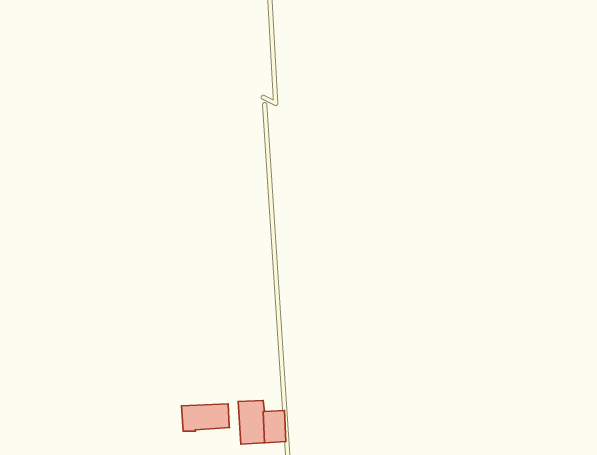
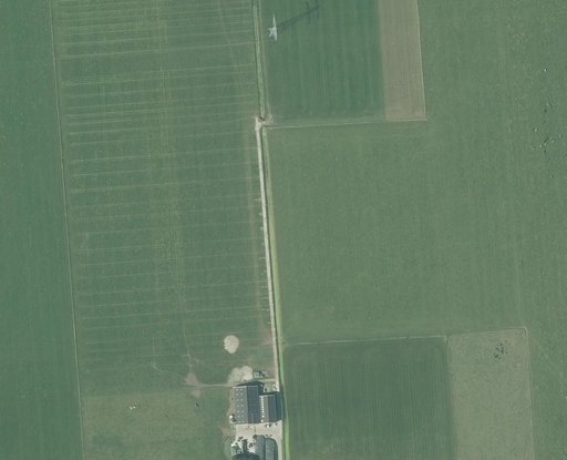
building: [182,404,229,431] -> none

